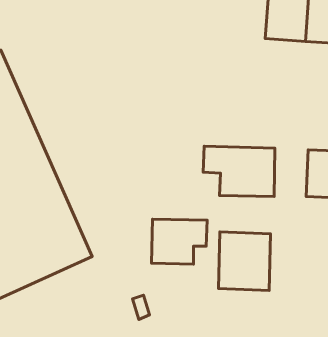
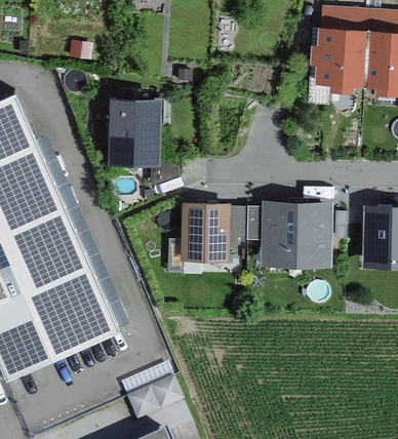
building: none -> [111,101,154,157]
building: [152,219,207,264] -> [183,204,246,255]
building: [218,232,270,290] -> none

